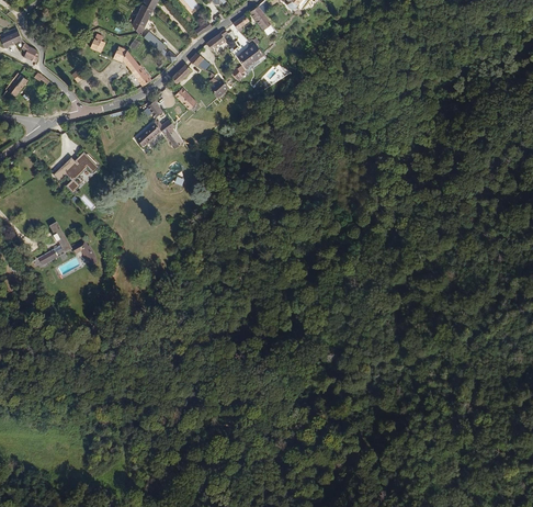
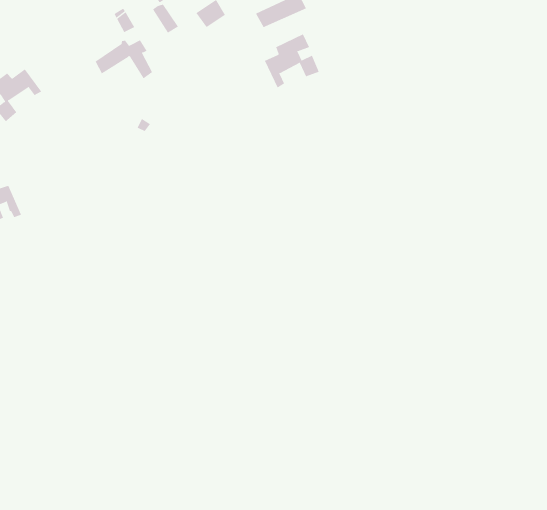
building: none -> [264,34,319,88]

